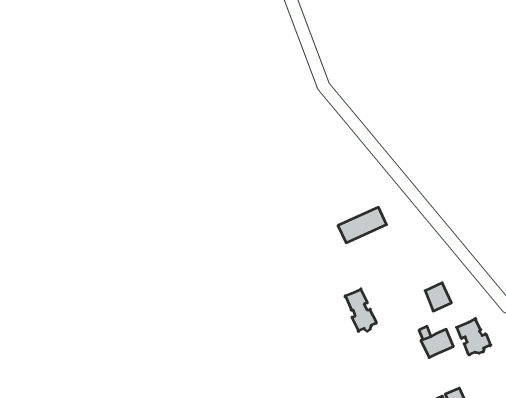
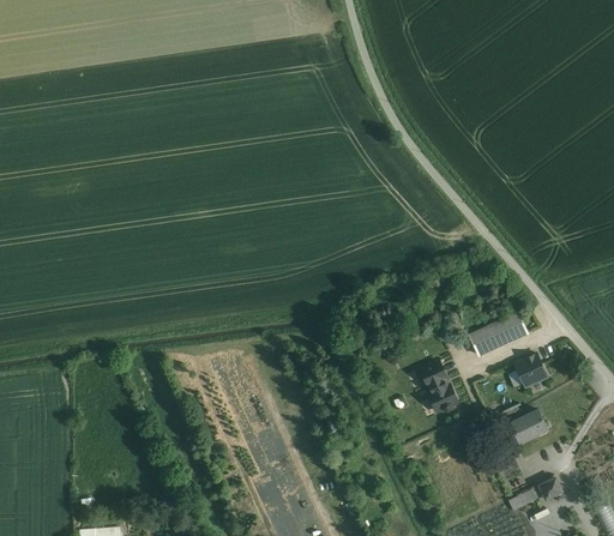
building: [338,207,387,243] -> [468,314,525,356]
building: [456,318,491,355] -> none

